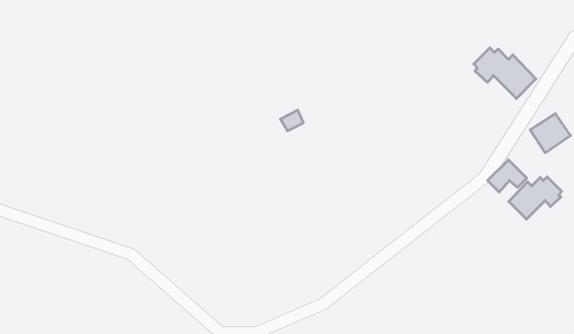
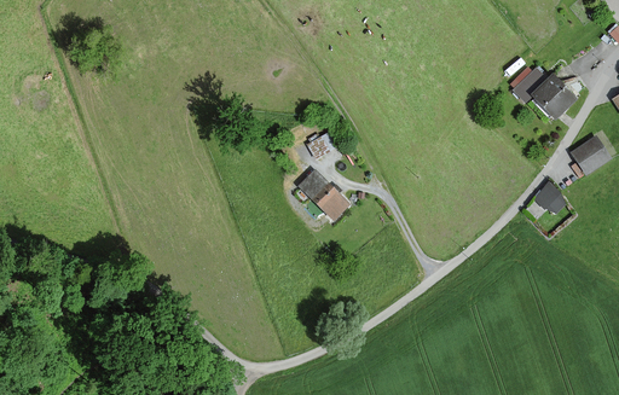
building: none -> [300,170,351,220]
building: [509,177,562,219] -> none

